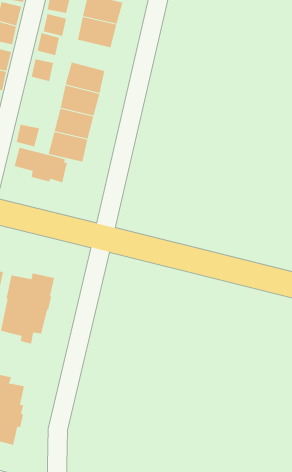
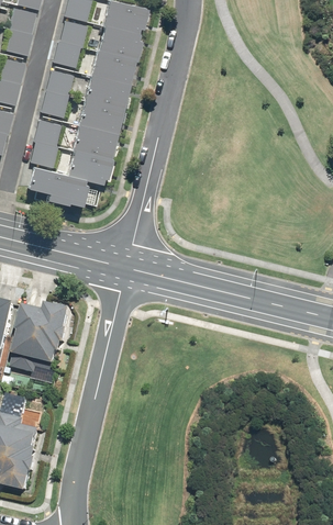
building: none -> [90,48,134,82]
building: none -> [41,90,66,116]
building: none -> [34,119,59,144]

